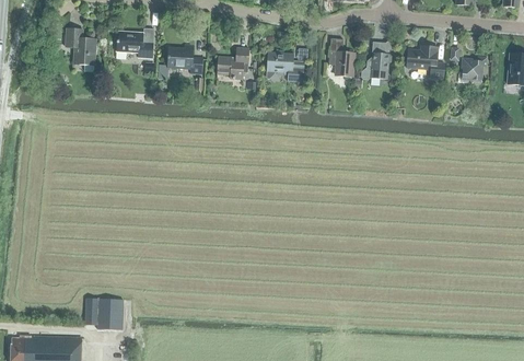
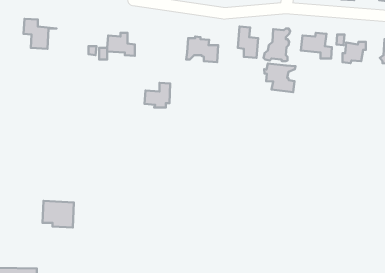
building: [116,32,153,58] -> none
building: [218,47,249,78] -> [145,83,170,107]
building: none -> [264,64,296,92]
building: [85,296,124,329] -> [43,201,74,227]

